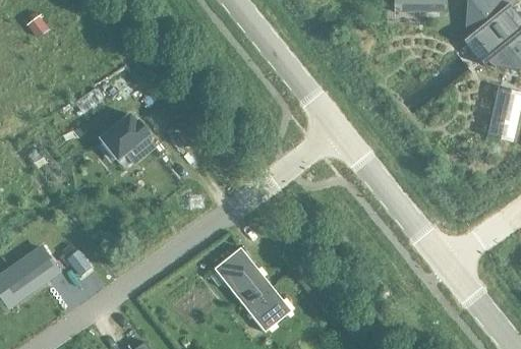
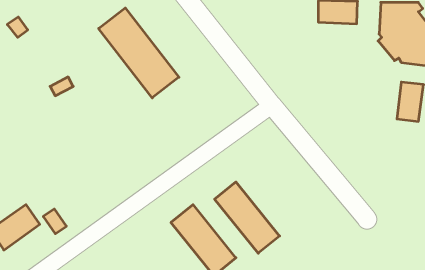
building: none -> [99,8,179,98]
building: [103,111,156,160] -> none
building: none -> [215,182,280,253]

